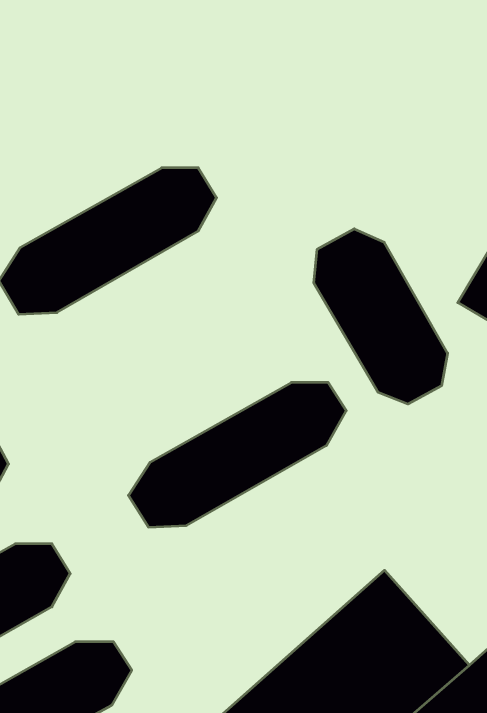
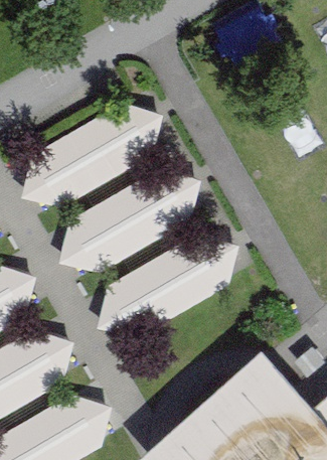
building: [314,229,448,404] -> none
building: none -> [66,176,198,265]

